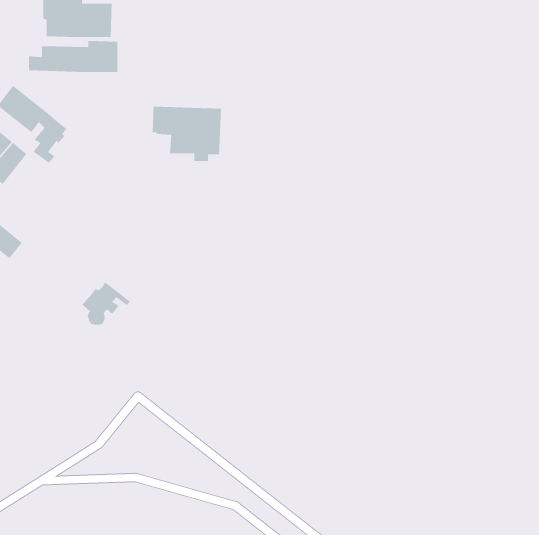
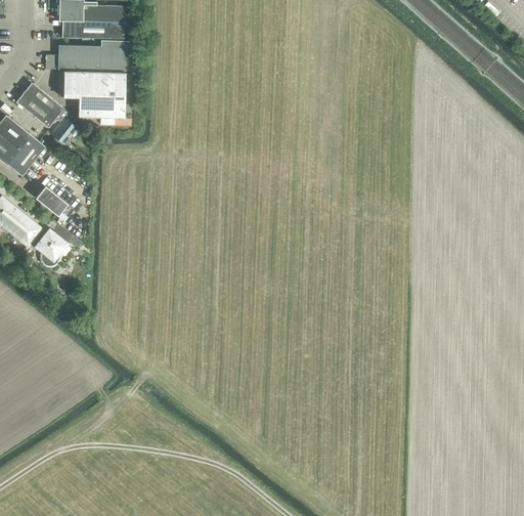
building: [152,106,222,162] -> [58,70,124,122]
building: none -> [34,185,73,220]
building: [81,282,131,326] -> [35,224,81,265]

